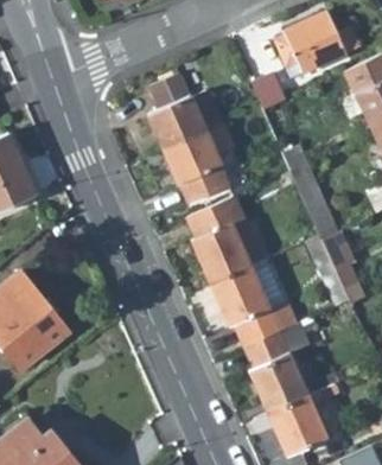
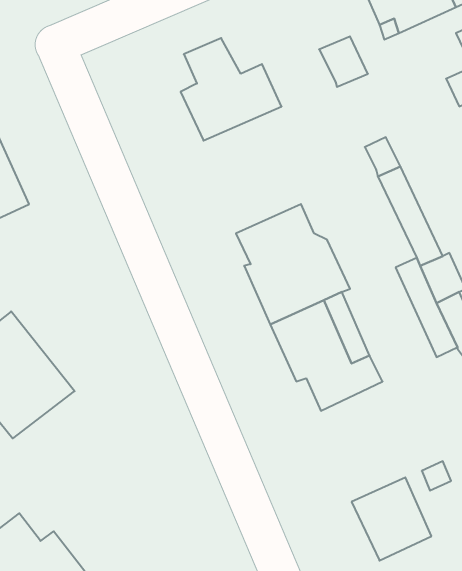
building: [163,123,231,203] -> none
building: [248,323,310,412] -> none

